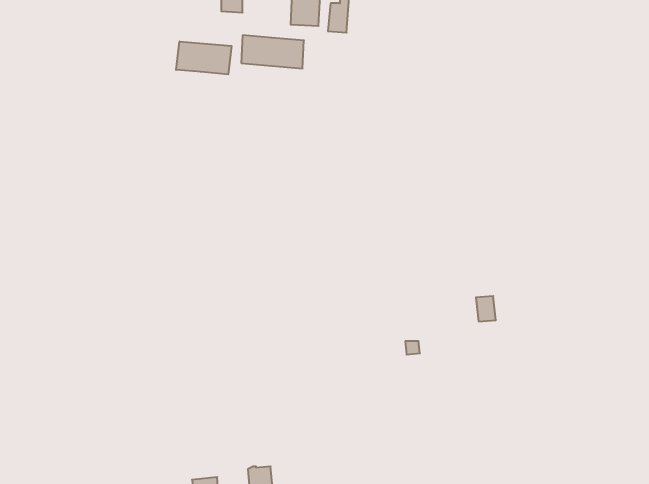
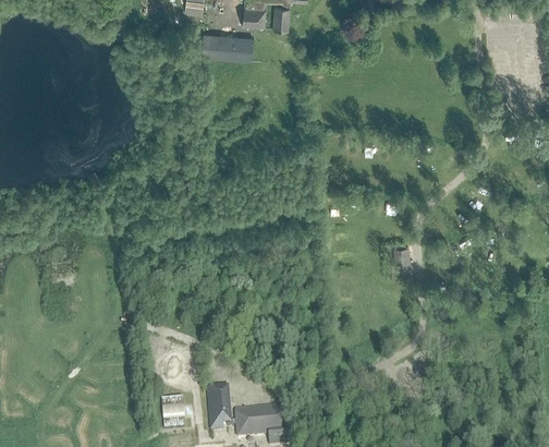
building: [176,41,232,74] -> none

